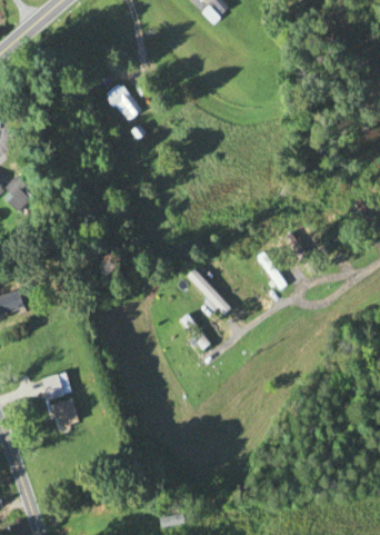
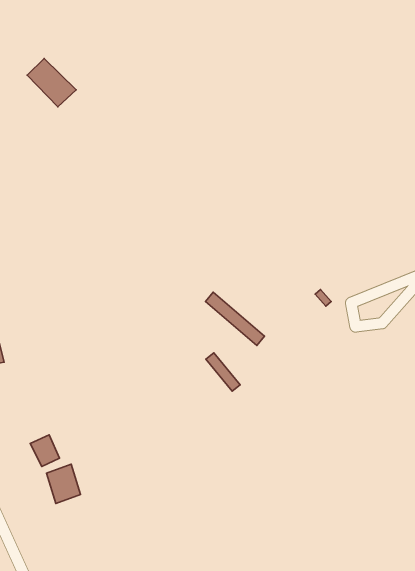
building: [103,82,141,121] -> [27,58,76,107]

